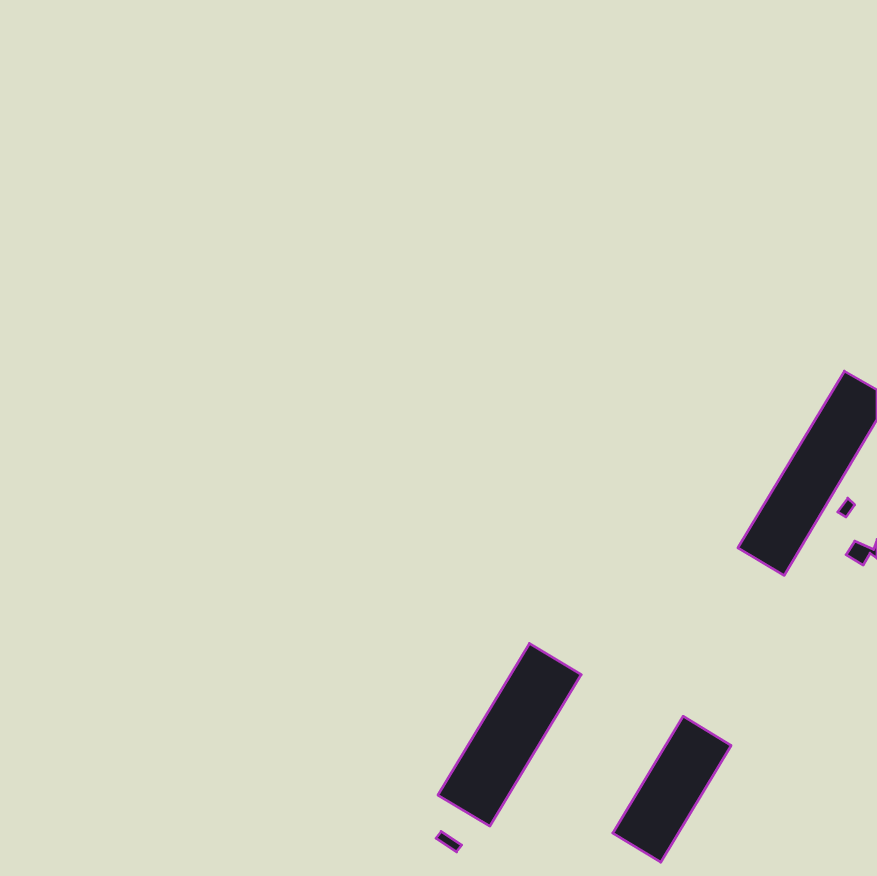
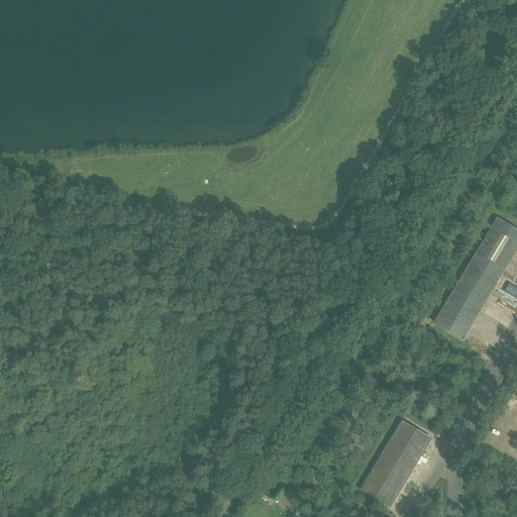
building: [438,643,581,826] -> none

